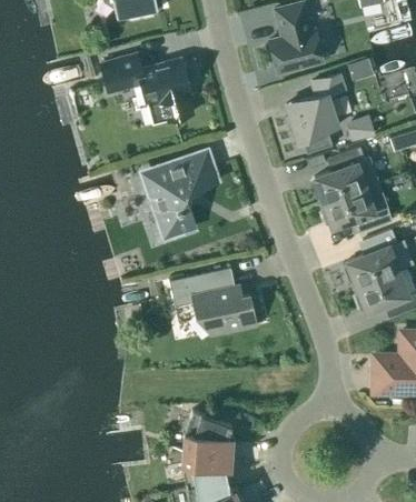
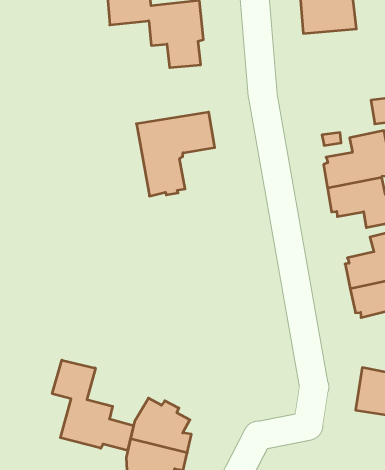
building: [287,74,344,154] -> none
building: [169,268,256,335] -> none
building: none -> [52,360,134,451]

